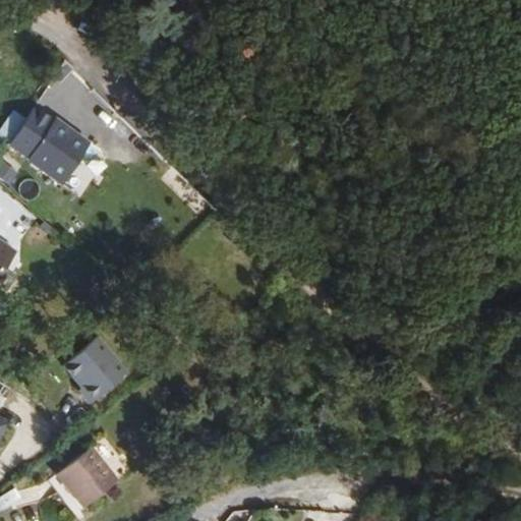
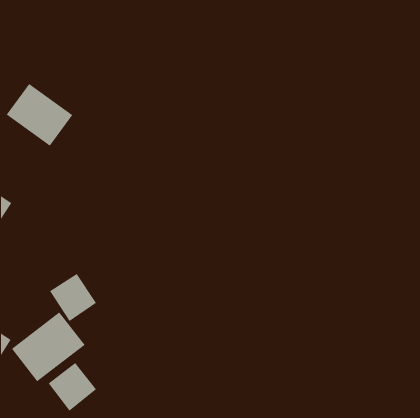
building: none -> [11,312,85,382]

